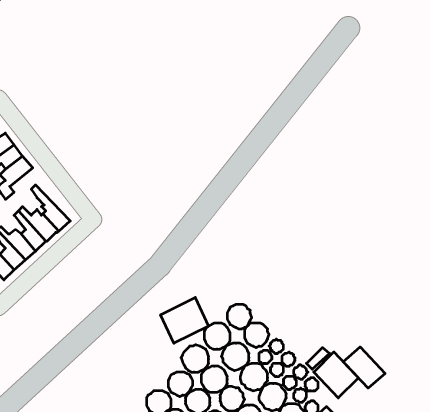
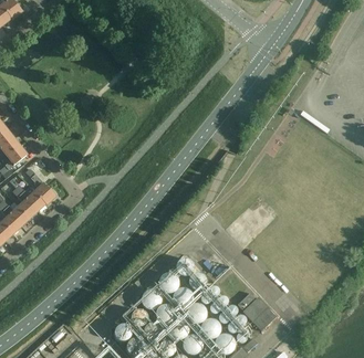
building: [161,297,209,343] -> none
building: [343,347,385,388] -> none

